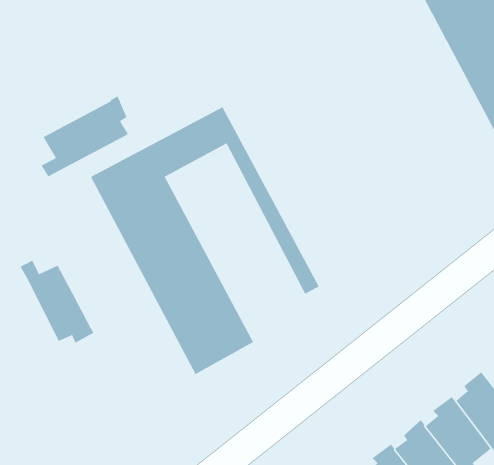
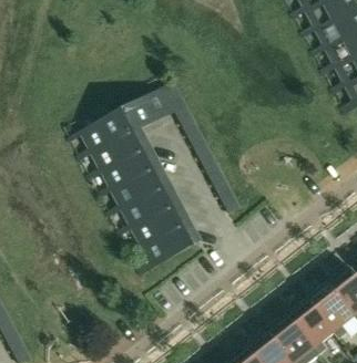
building: [41,95,128,177] -> none
building: [20,260,94,343] -> none

